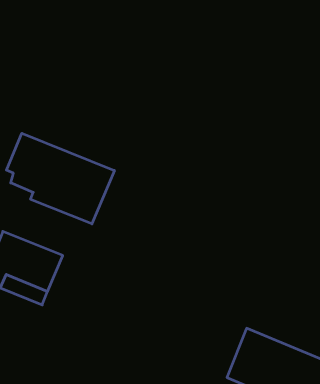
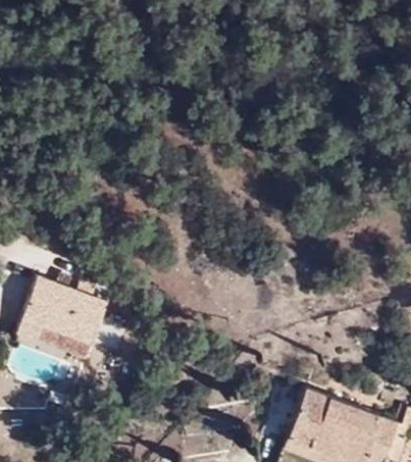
building: [6,133,114,224] -> none

